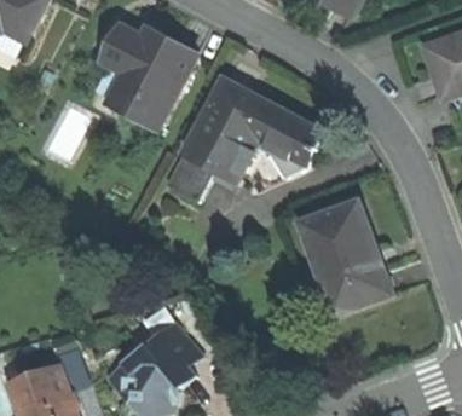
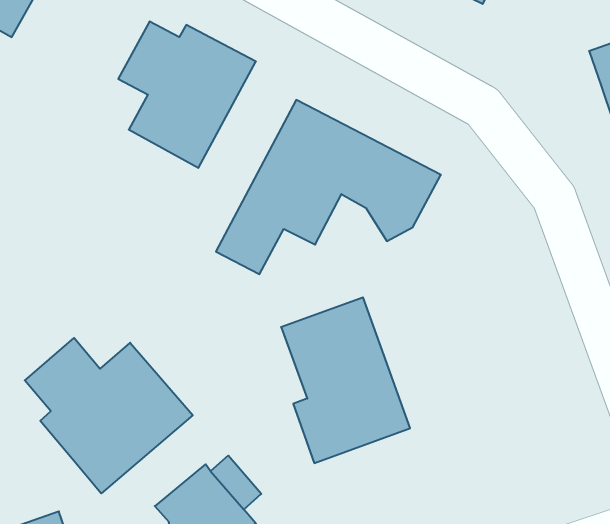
building: [300,201,389,316] -> [281,297,410,463]
building: none -> [25,338,193,493]

